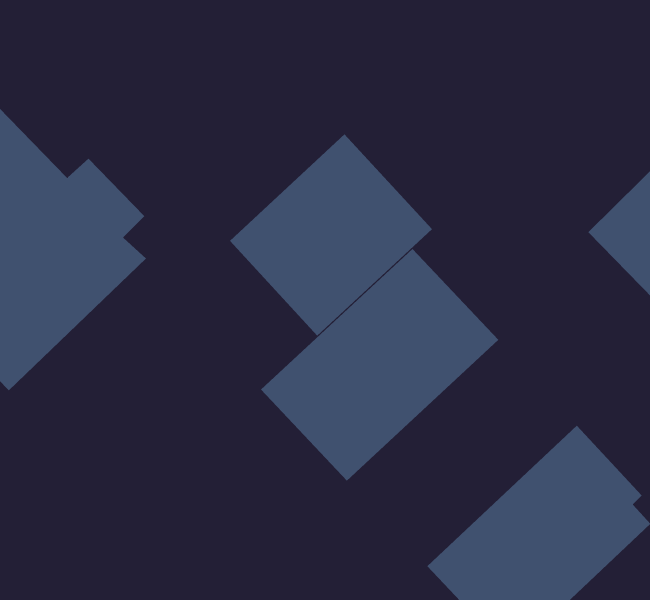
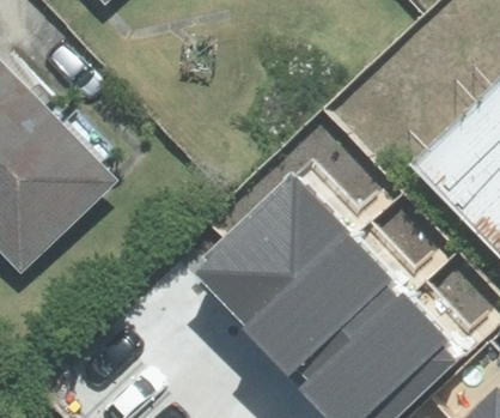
building: [229,133,433,336] -> none
building: none -> [250,236,406,389]

